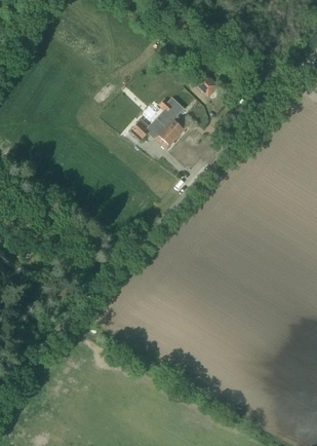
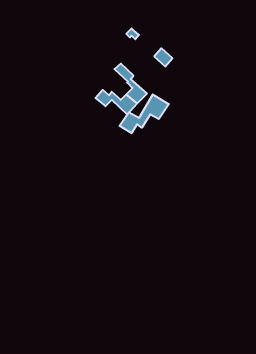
building: none -> [120,94,169,133]

